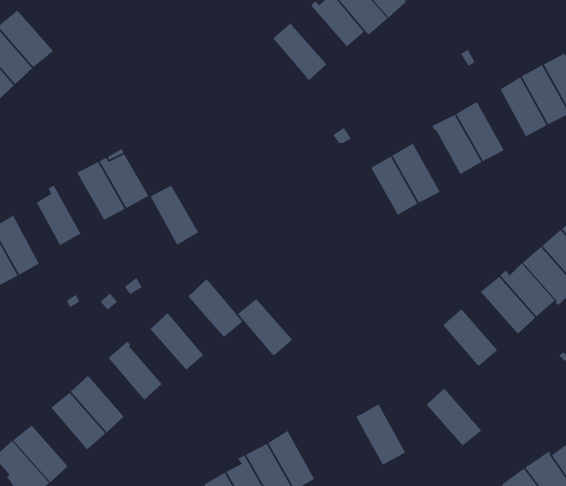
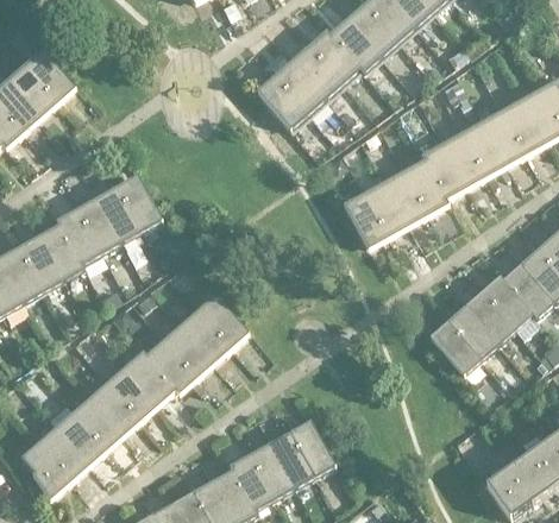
building: none -> [291,45,343,99]
building: none -> [256,75,308,130]
building: none -> [461,121,505,177]
building: none -> [403,159,446,215]
building: none -> [343,193,389,248]
building: [149,184,199,246] -> [76,197,121,253]
building: none -> [39,225,84,281]
building: [237,298,293,357] -> [180,310,231,364]
building: none -> [145,340,196,390]
building: none -> [107,366,158,420]
building: [426,388,482,447] -> [447,305,498,359]
building: [355,403,406,466] -> [289,420,335,477]
building: none -> [56,411,106,465]

